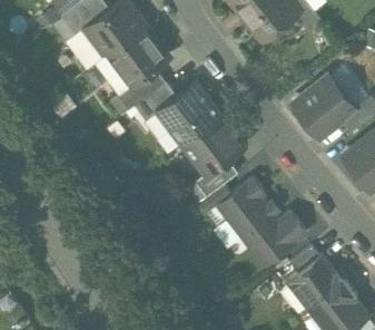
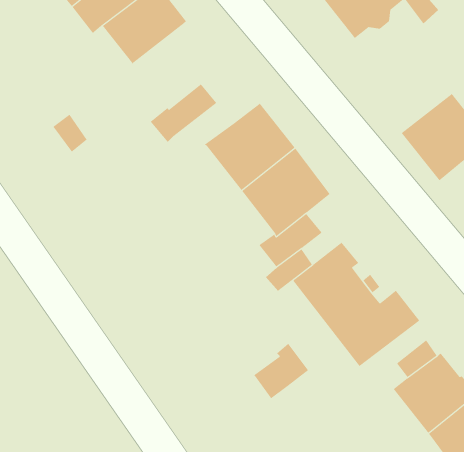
building: [107,27,167,87] -> none
building: [135,82,176,122] -> none
building: none -> [254,343,309,399]

